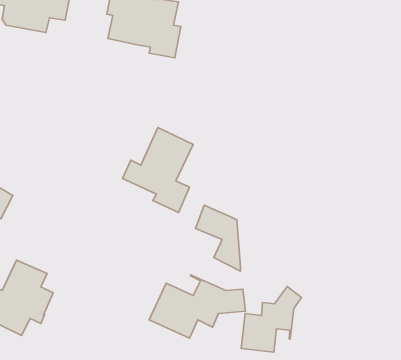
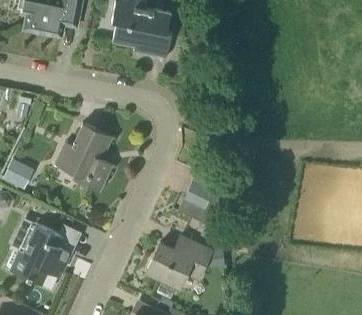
building: [122,127,193,213] -> [54,122,112,192]
building: [241,287,302,352] -> none

